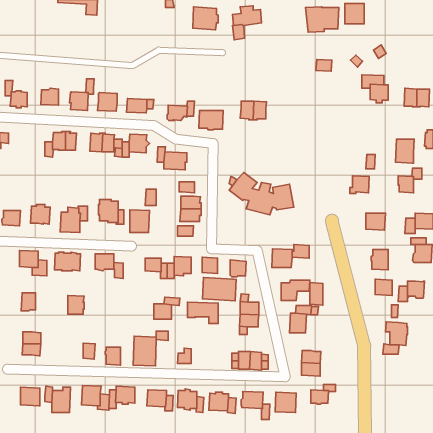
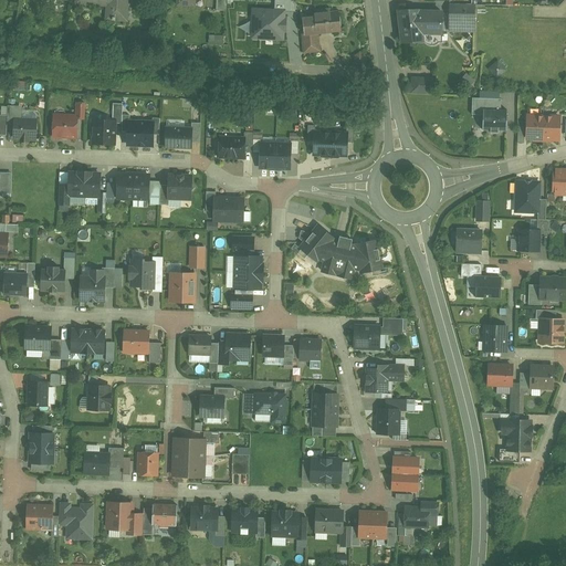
building: [202,278,236,301] -> none
building: [310,282,323,305] -> none
building: none -> [84,453,108,473]

